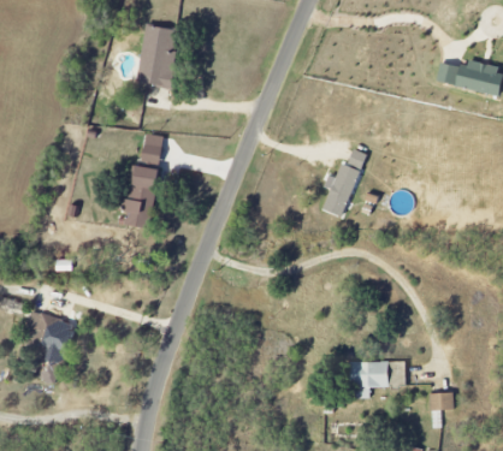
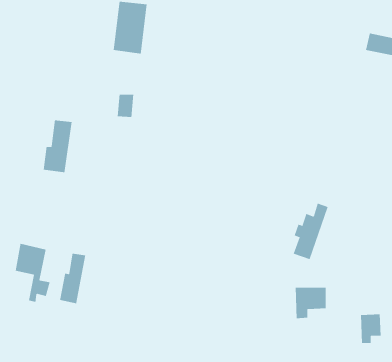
building: [322,148,365,215] -> [293,203,328,260]
building: [123,165,158,227] -> [43,120,72,173]
building: none -> [60,253,86,304]

